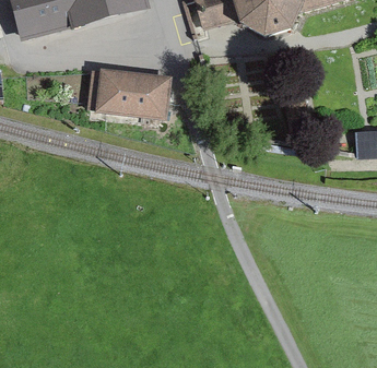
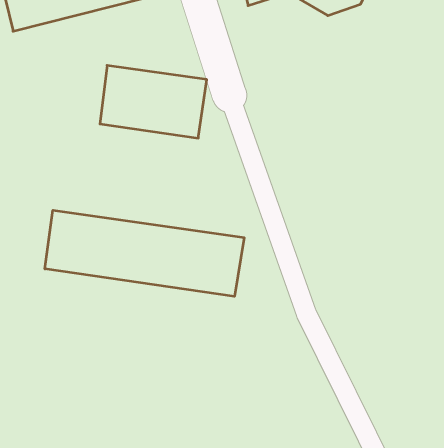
building: none -> [45,210,244,296]

